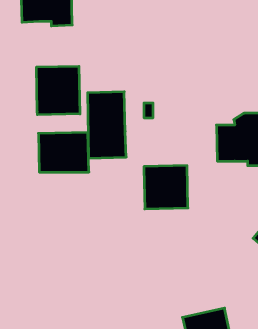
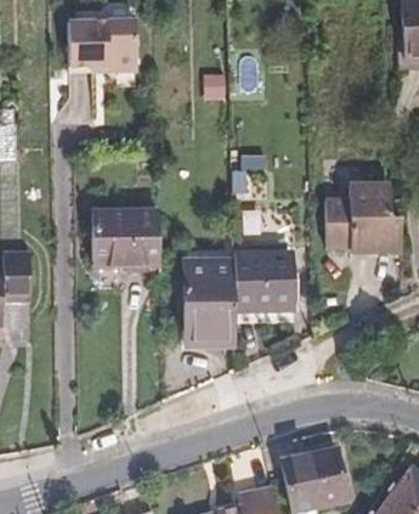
building: [37,66,80,115] -> none
building: [88,92,126,158] -> [182,260,233,348]

